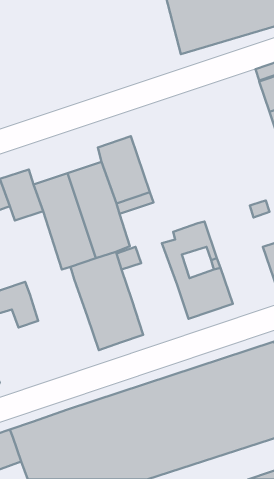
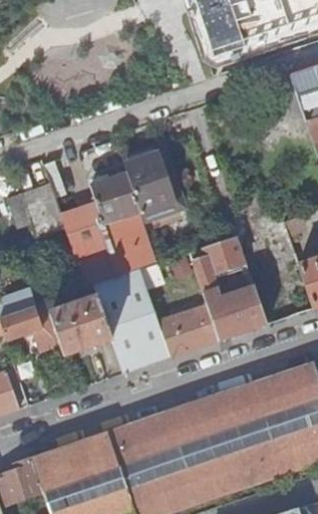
building: none -> [51,297,112,353]
building: none -> [160,303,220,356]

